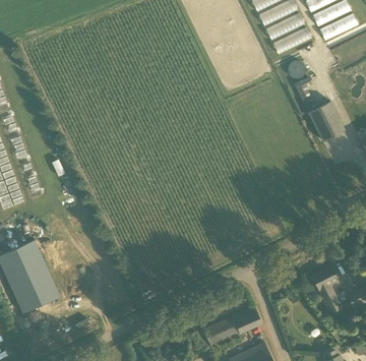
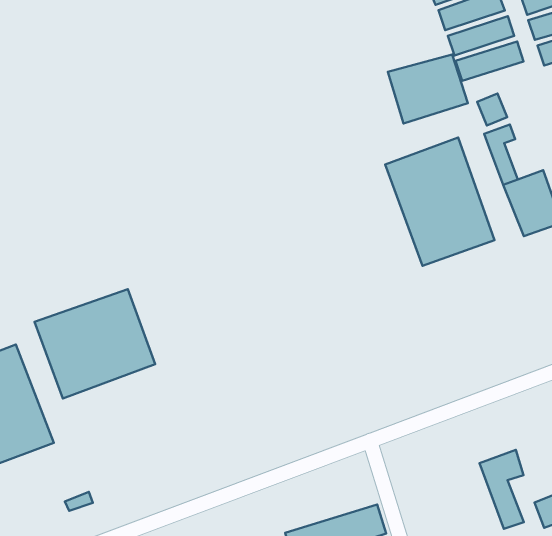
building: none -> [388,54,468,123]
building: none -> [385,137,494,266]
building: none -> [34,289,155,398]

